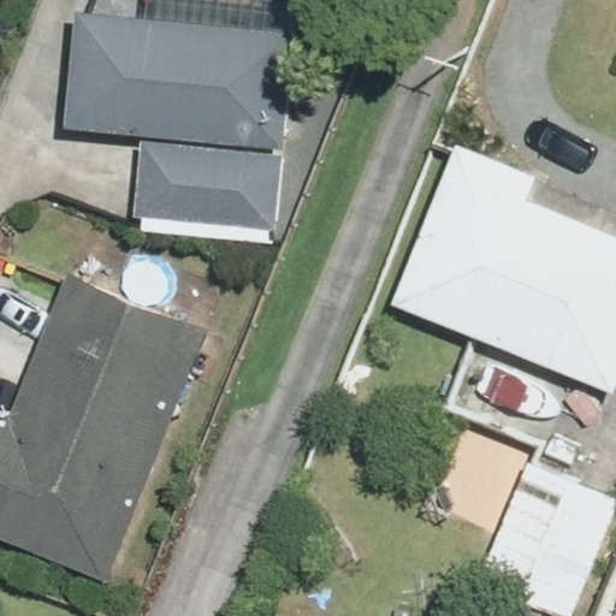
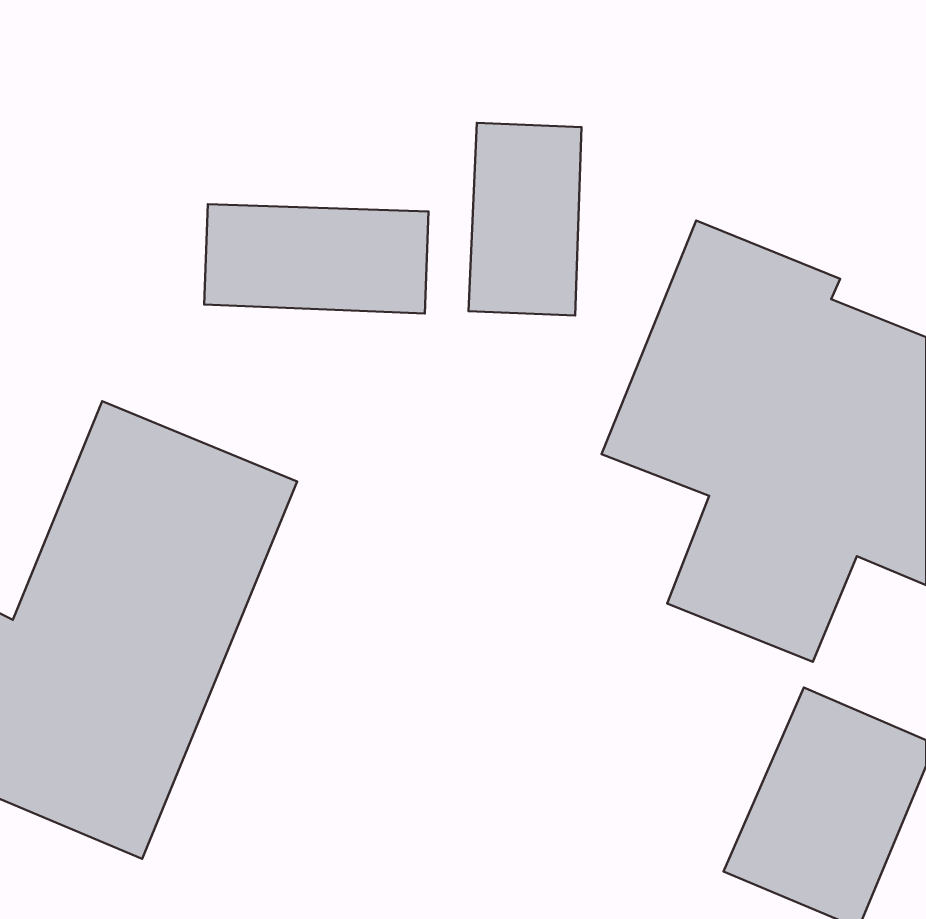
building: [72,22,286,146] -> none
building: none -> [469,123,581,315]

